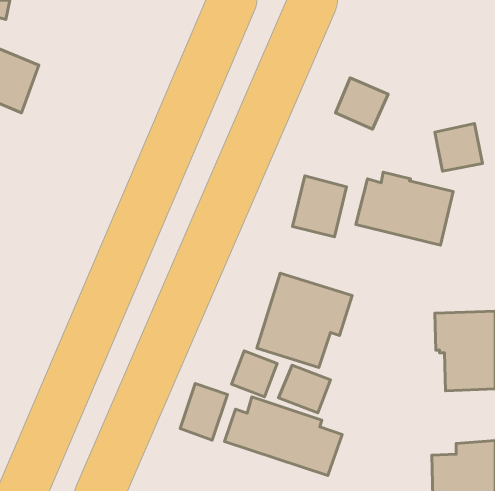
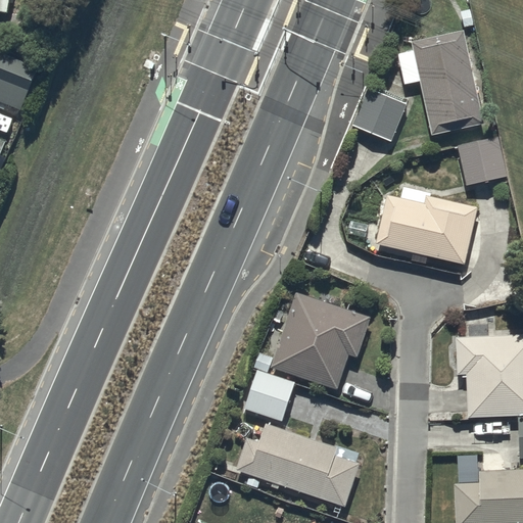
building: none -> [411,30,483,134]
building: [292,176,347,237] -> none
building: [279,365,331,413] -> none
building: [180,383,228,440] -> none

